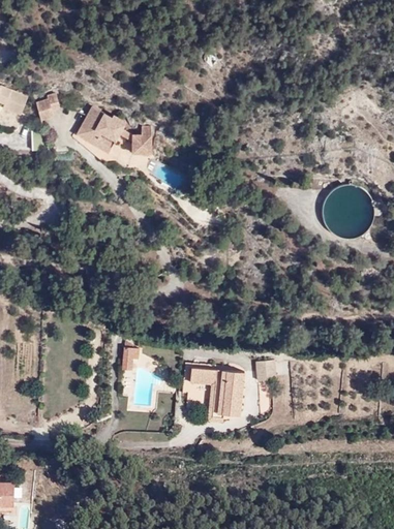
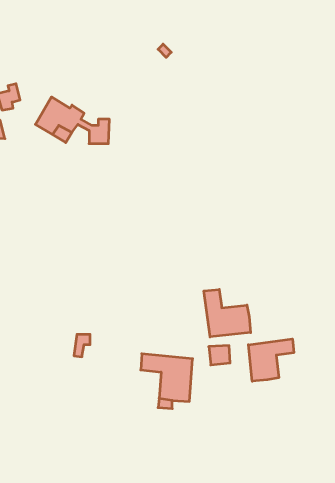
building: none -> [204,289,251,337]
building: none -> [248,339,294,381]

